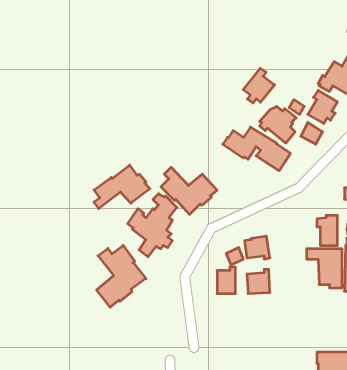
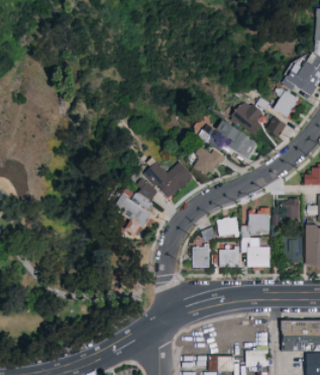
building: [243,68,275,103] -> none
building: none -> [195,148,226,177]
building: [94,165,150,209] -> none
building: none -> [243,208,271,271]
building: [97,245,146,307] -> none

